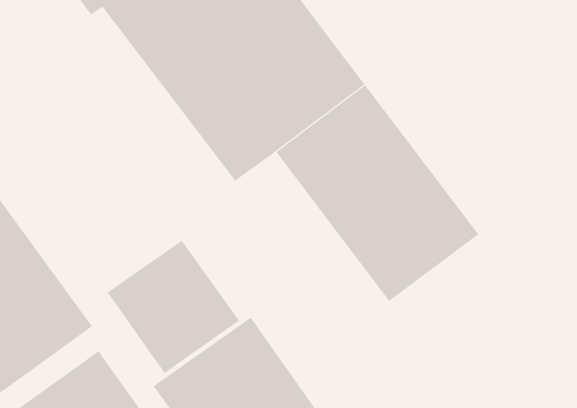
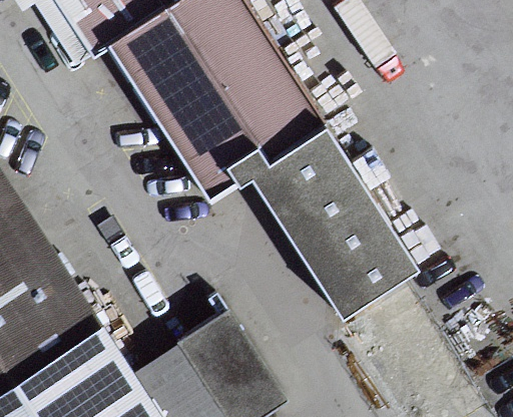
building: [107,240,240,374] -> none

